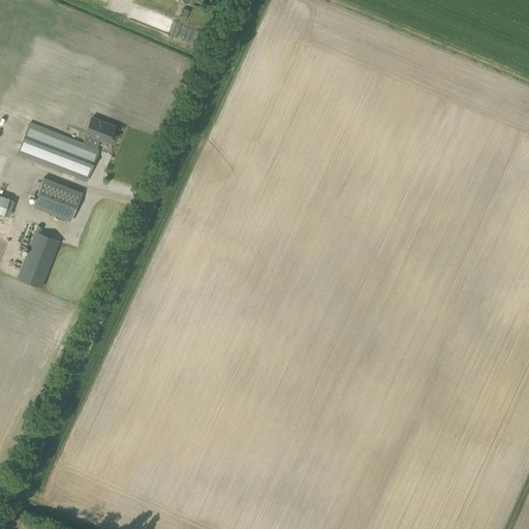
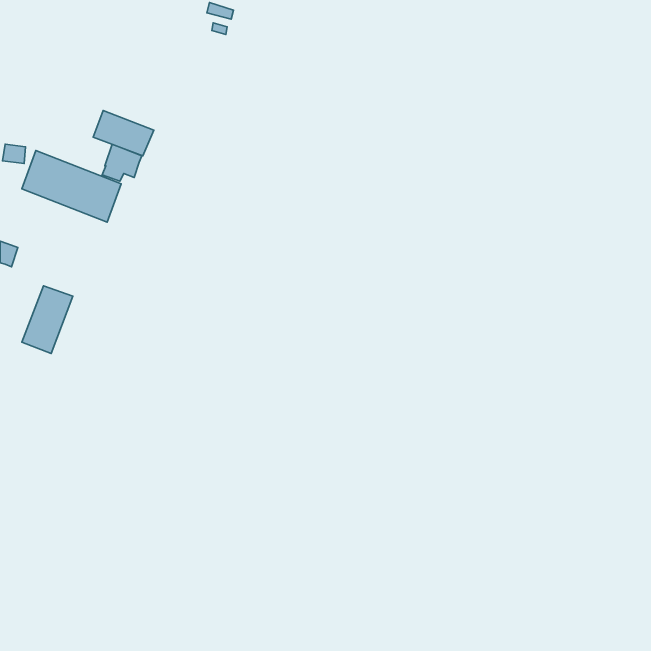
building: none -> [93,110,154,156]
building: [33,177,83,221] -> none

